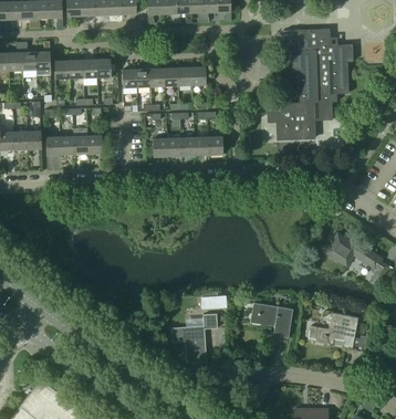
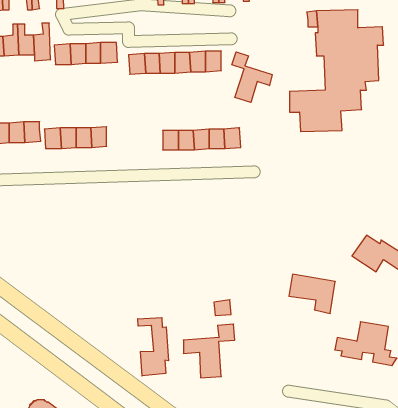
building: none -> [232,52,272,102]
building: [250,303,292,338] -> [289,274,335,313]
building: none -> [138,318,168,376]

